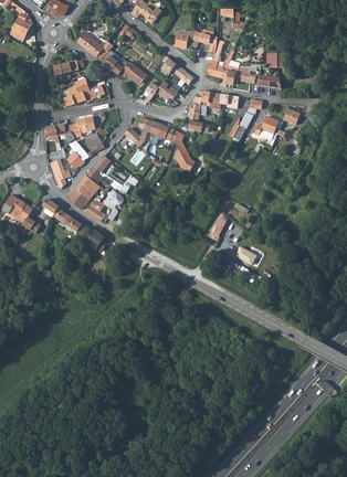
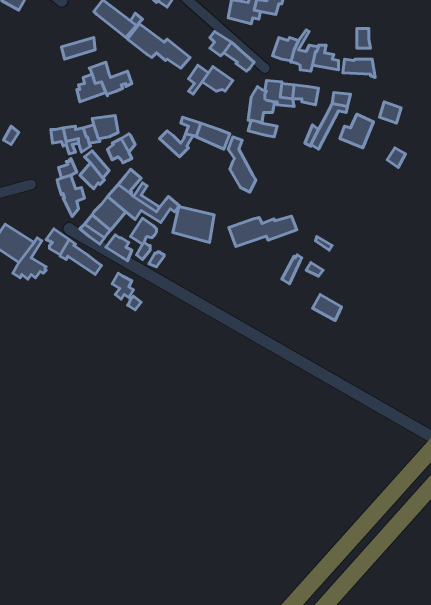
building: none -> [173,206,214,242]
building: none -> [229,216,297,246]

